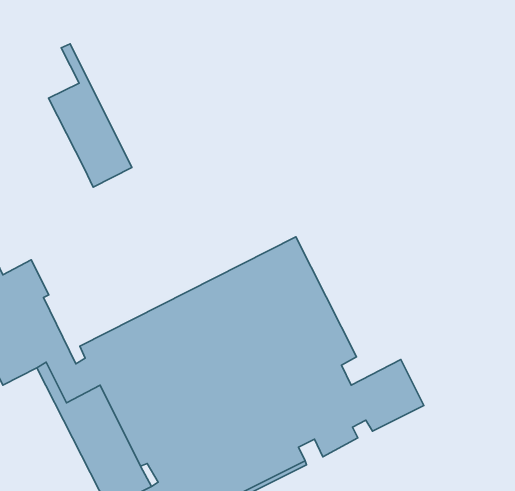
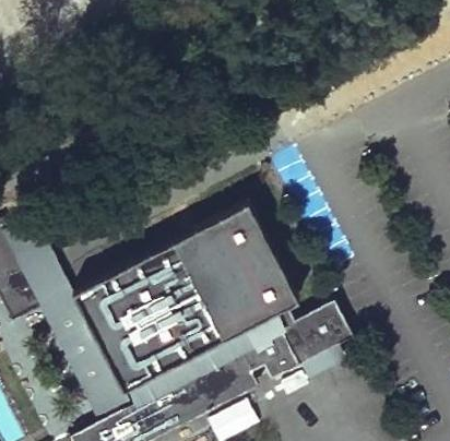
building: [48,44,132,187] -> none

